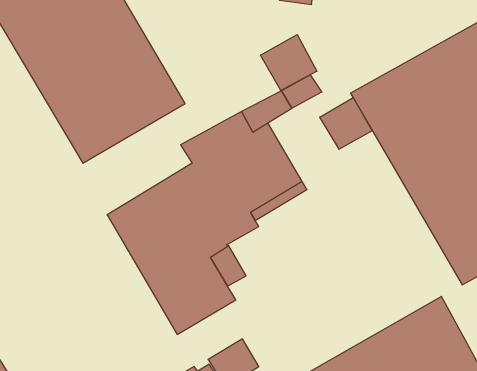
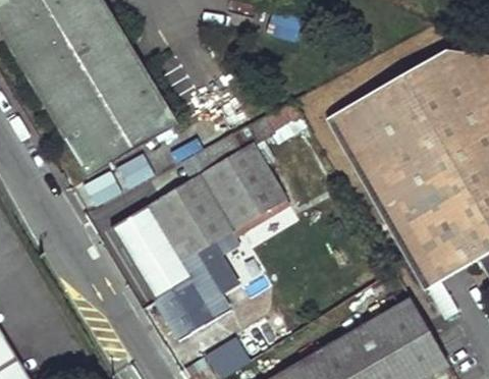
building: [261,35,317,91] -> none
building: [320,97,372,149] -> none

